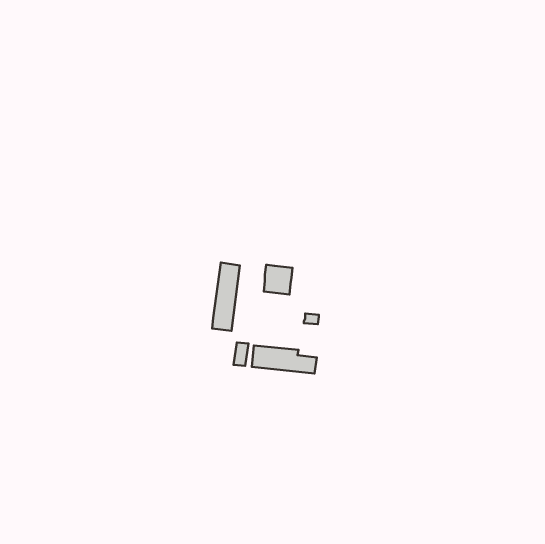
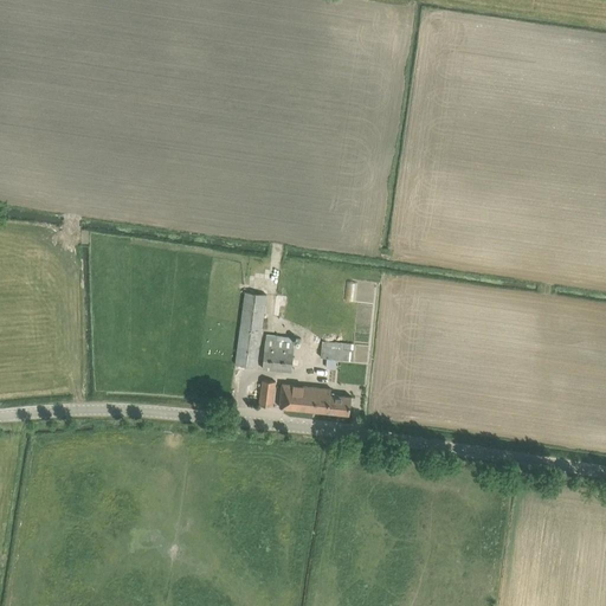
building: [264,265,293,295] -> [263,340,295,373]

